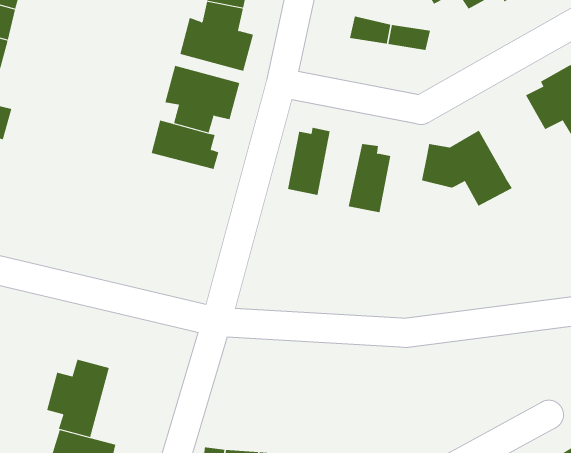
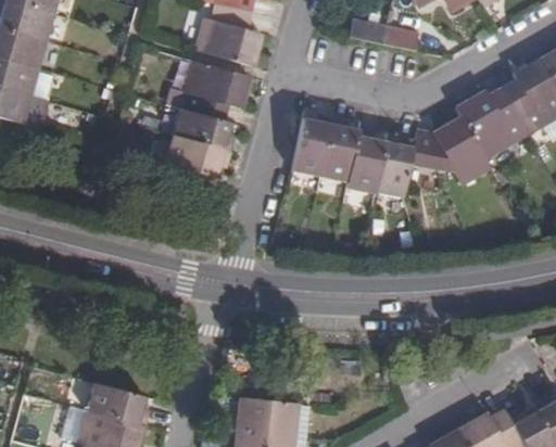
building: none -> [456,88,518,161]
building: none -> [319,119,357,180]
building: none -> [163,138,228,178]
building: none -> [374,138,414,196]
building: [47,359,110,438] -> none

